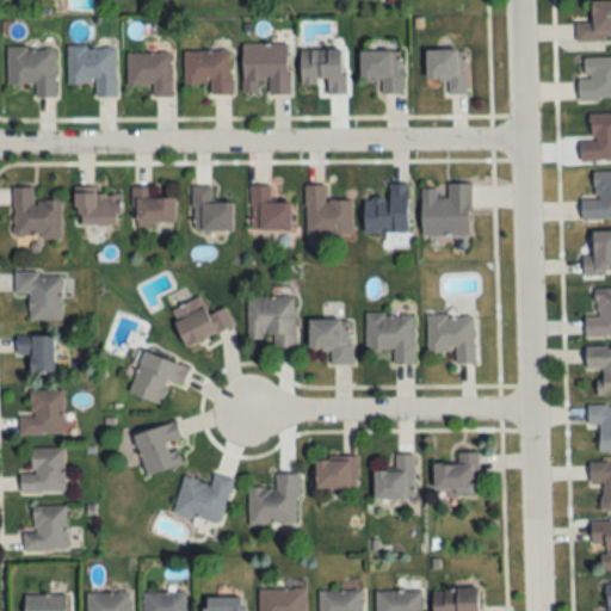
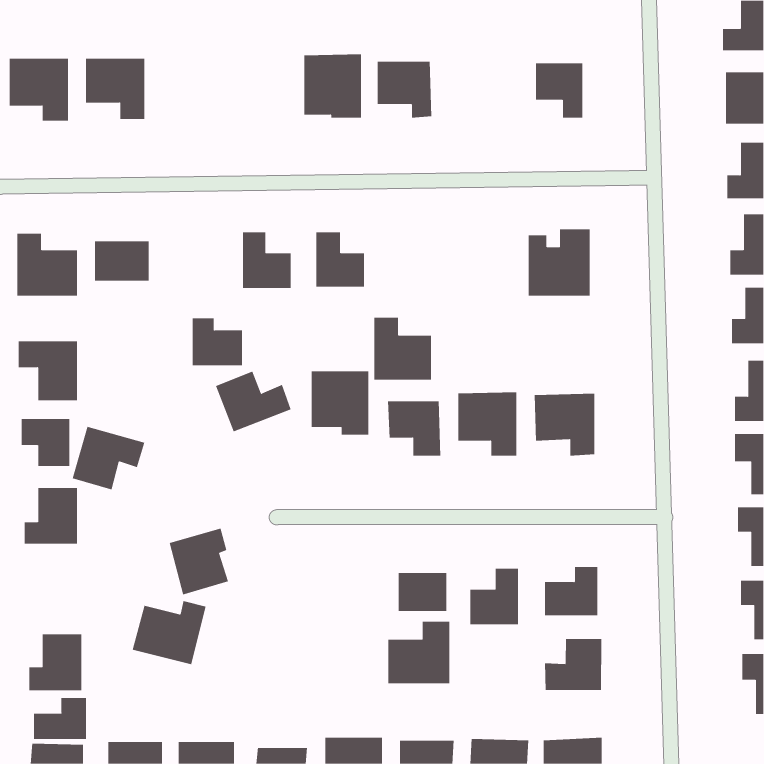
building: [184,50,230,94] -> none
building: [360,50,402,93] -> none
building: [128,53,171,97] -> none
building: [364,184,409,233] -> none
building: [306,185,352,235] -> [373,317,432,380]
building: [135,186,175,224] -> [192,318,243,366]
building: [130,352,189,403] -> [72,426,145,490]
building: [20,449,63,493] -> none
building: [173,474,233,525] -> [132,601,207,665]
building: [248,474,298,524] -> [388,621,450,684]
building: none -> [544,638,602,691]
building: none -> [34,697,87,740]

